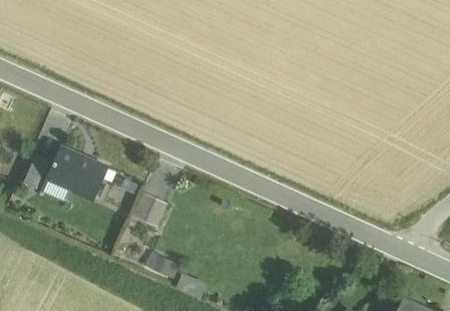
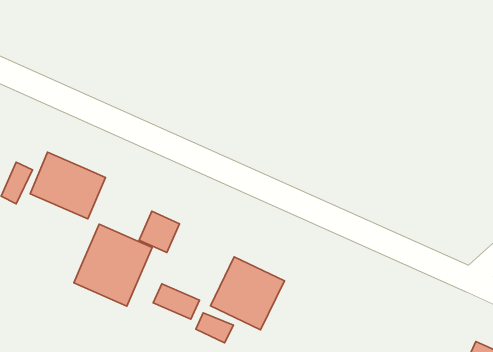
building: none -> [74,224,152,306]
building: none -> [211,257,284,330]

